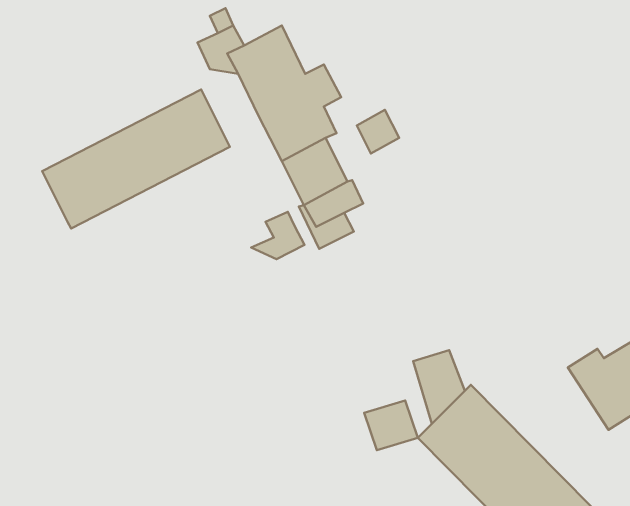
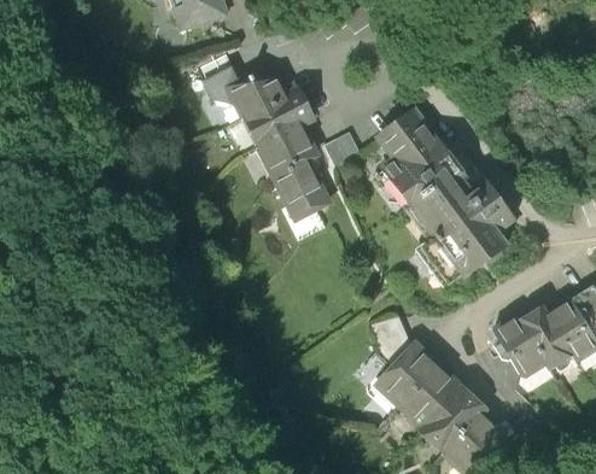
building: none -> [378,111,516,280]
building: [42,90,230,228] -> none
building: [251,212,305,259] -> none
building: [364,400,418,450] -> none

